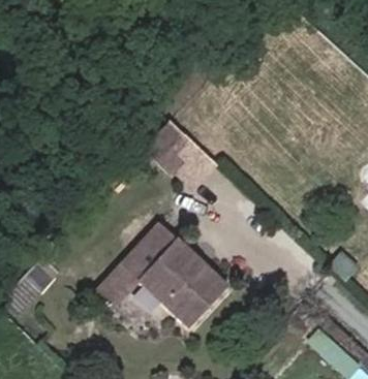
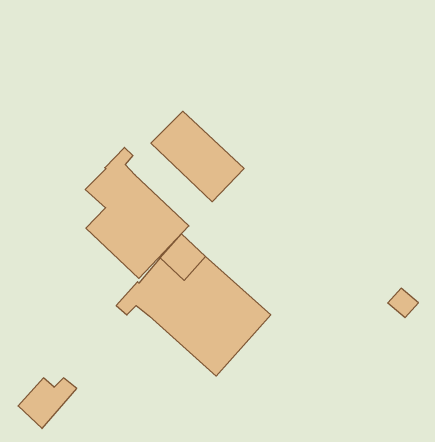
building: none -> [85,147,189,278]
building: [95,271,141,310] -> [18,378,77,429]

